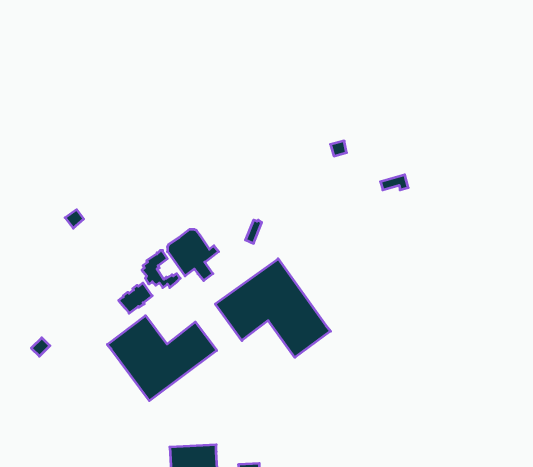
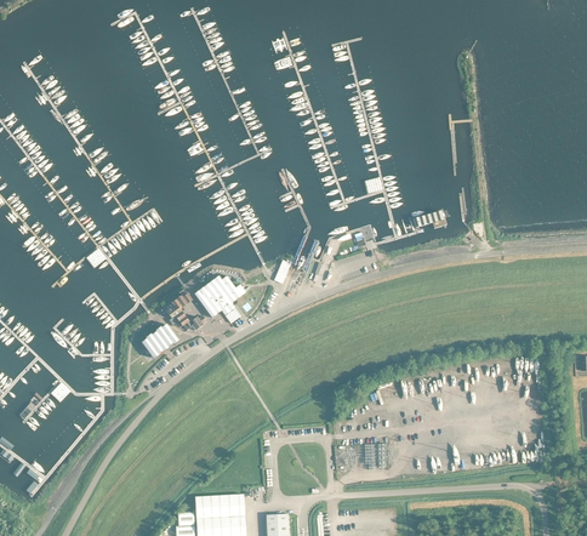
building: [215,259,331,357] -> none
building: [107,316,217,401] -> none

